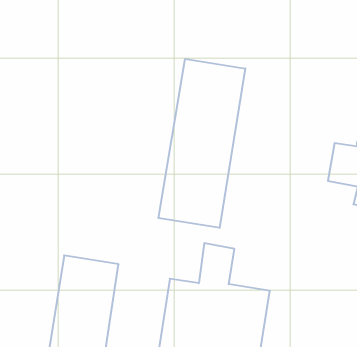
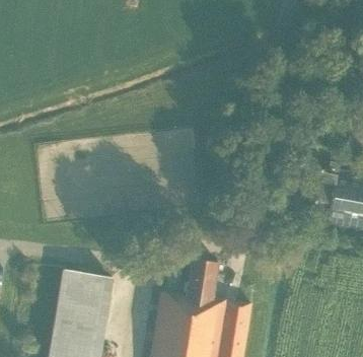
building: [158,59,245,228] -> none

